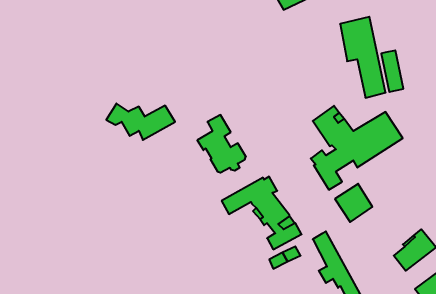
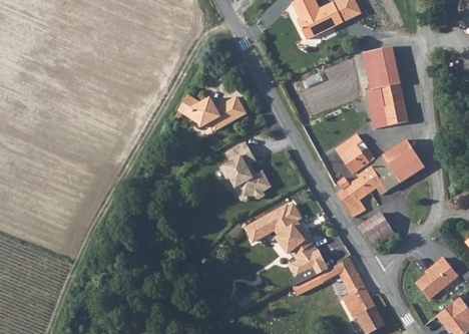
building: [381,50,403,92] -> [365,87,387,128]
building: [106,103,175,140] -> [176,94,245,130]

